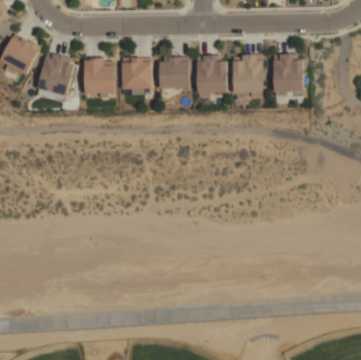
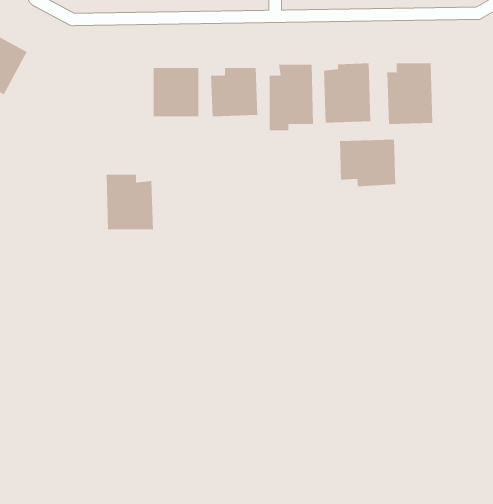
building: [38,52,75,95] -> none
building: [84,57,115,93] -> [106,174,154,230]
building: none -> [339,139,396,187]

